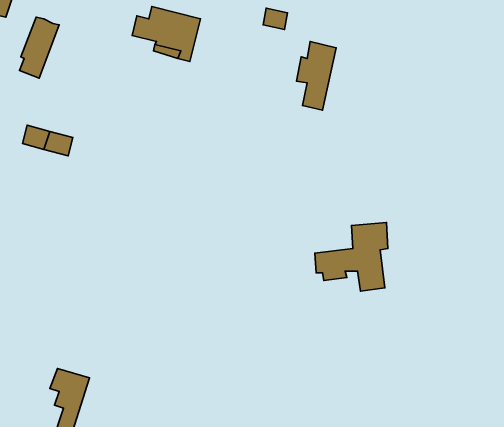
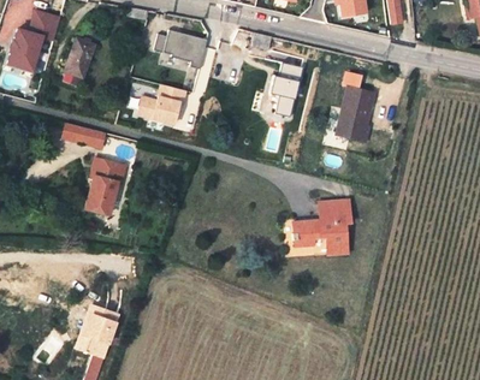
building: none -> [134,81,182,119]
building: none -> [338,87,374,141]
building: none -> [84,156,125,213]

